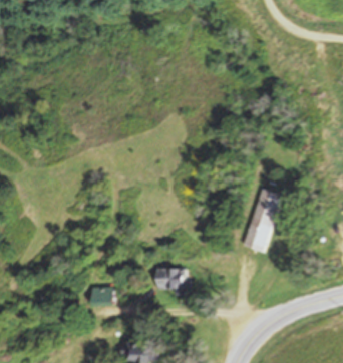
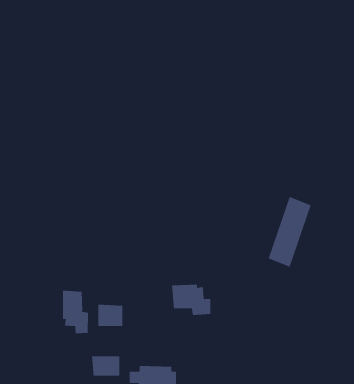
building: none -> [62,290,88,334]
building: none -> [92,356,120,376]

